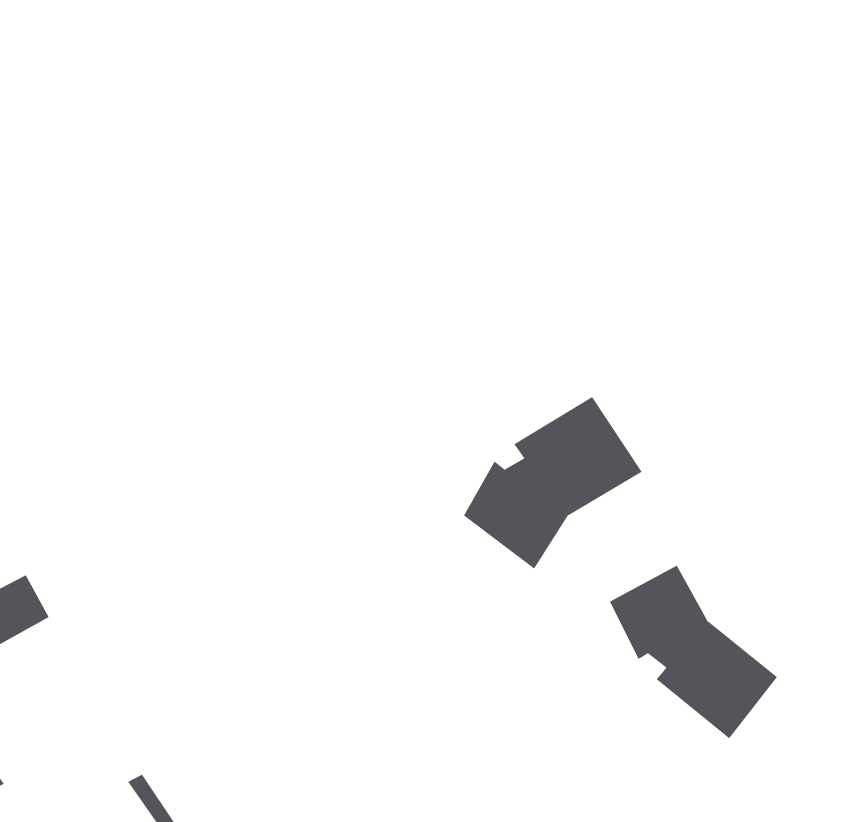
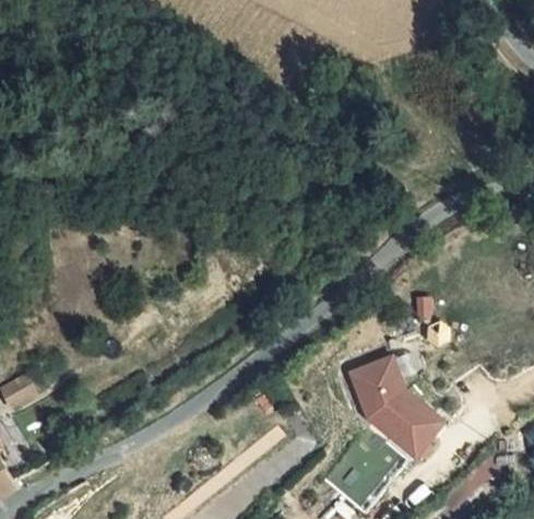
building: [463,396,642,569] -> none

